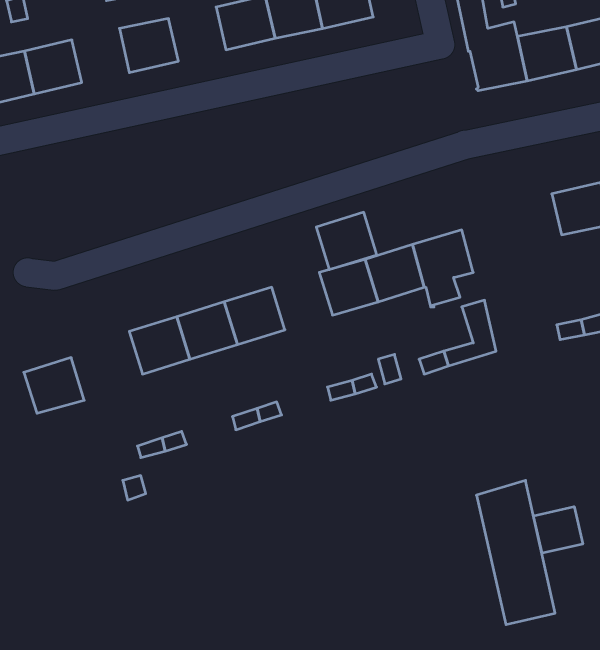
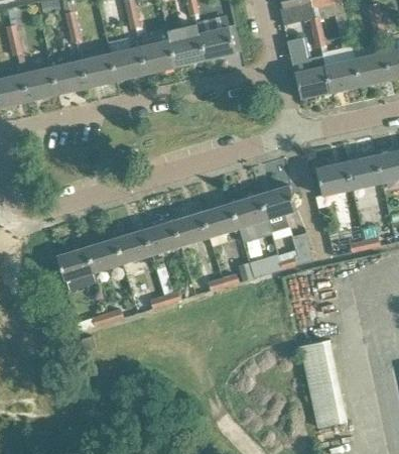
building: none -> [110,47,145,81]
building: none -> [50,61,86,94]
building: none -> [315,162,352,195]
building: [316,212,377,270] -> [173,211,211,246]
building: [24,358,84,413] -> [56,247,94,281]
building: [533,507,583,553] -> none

